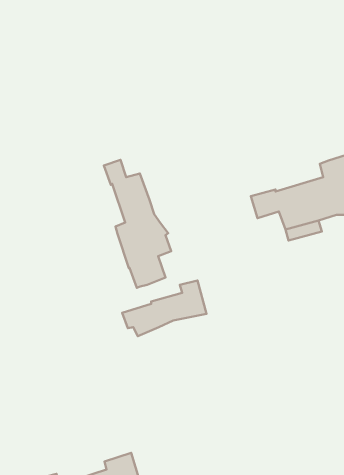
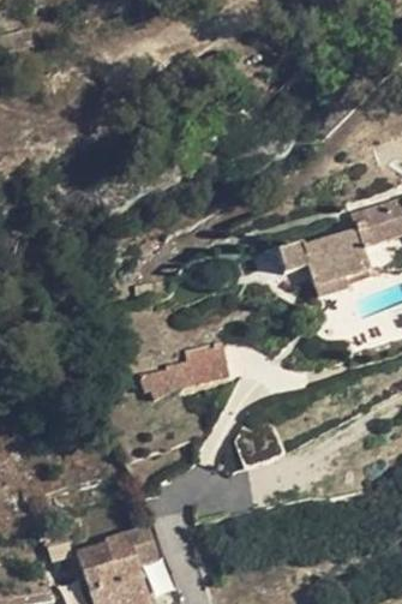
building: [104,160,171,288] -> none

